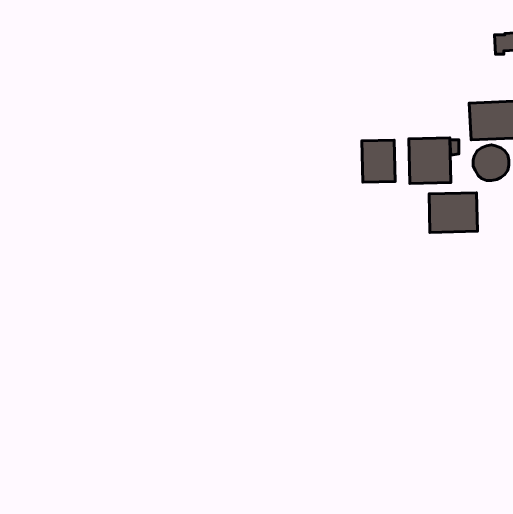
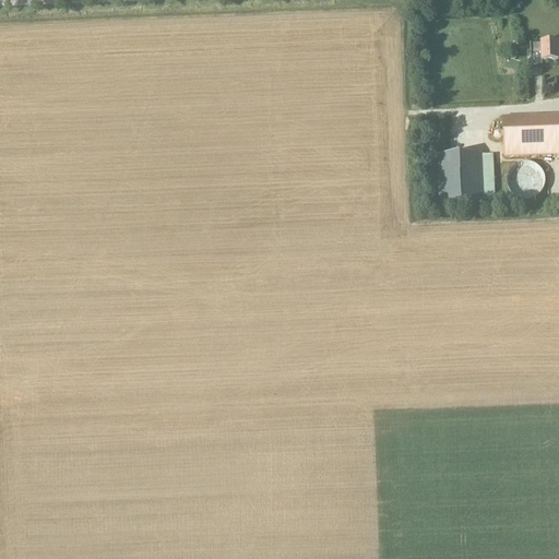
building: [362,140,395,182] -> none
building: [429,193,477,232] -> none

